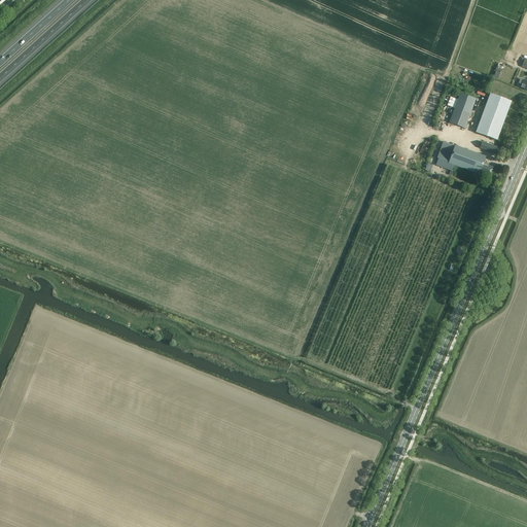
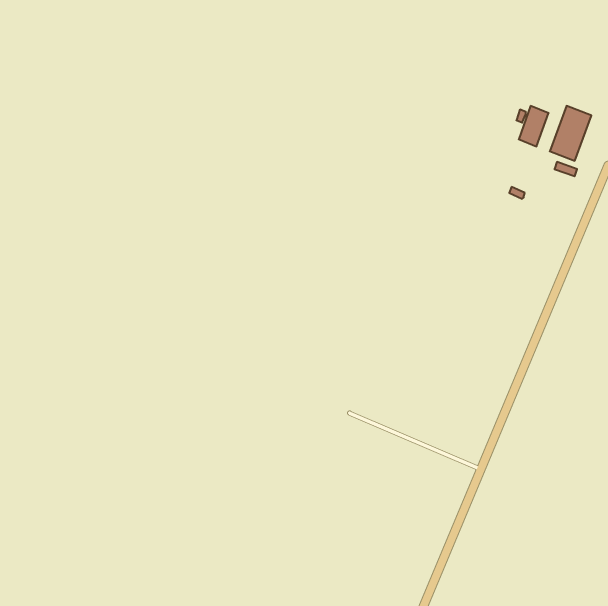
building: [438,140,492,175] -> none

